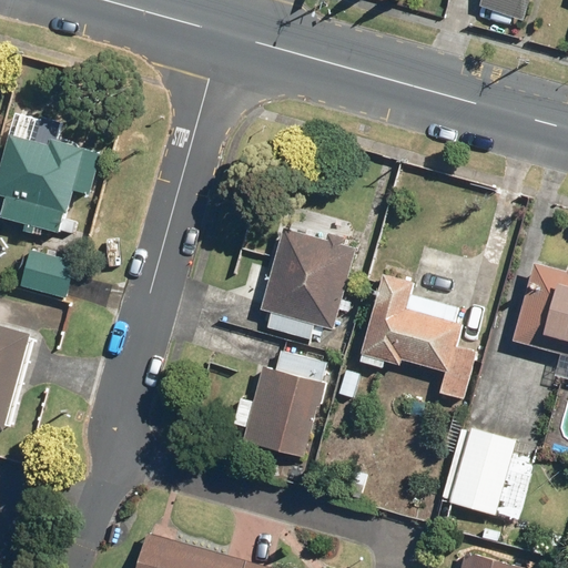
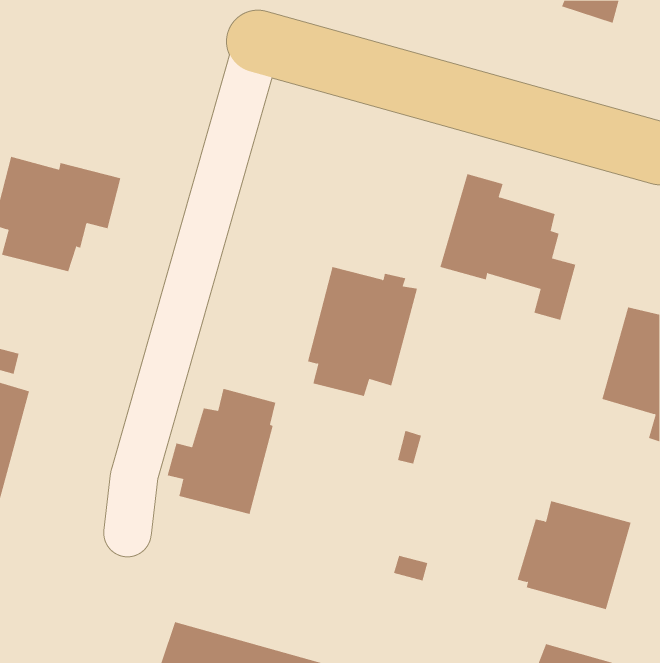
building: [16,250,71,301] -> none
building: [359,274,476,399] -> [440,174,576,320]
building: [233,351,326,458] -> [167,388,276,514]

